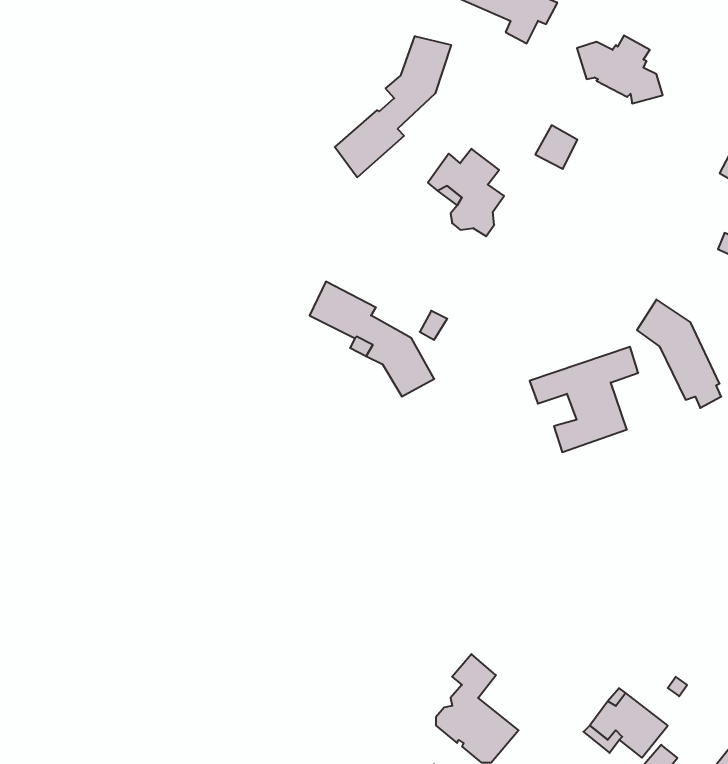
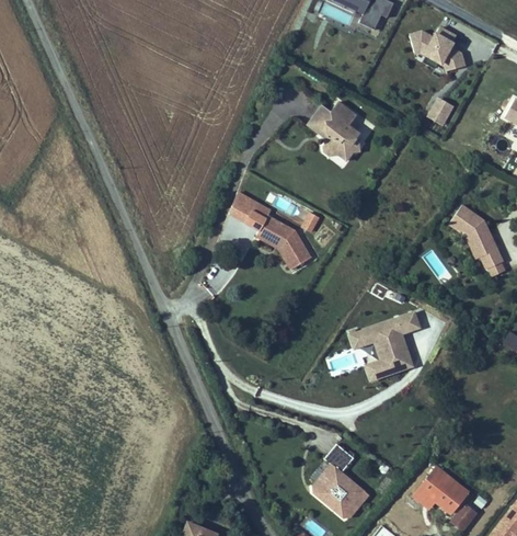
building: [335,36,451,177] -> none
building: [535,125,577,169] -> [426,95,455,125]
building: [530,347,638,452] -> [348,310,422,381]

